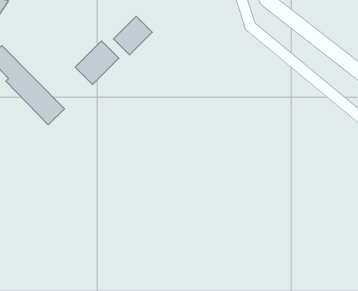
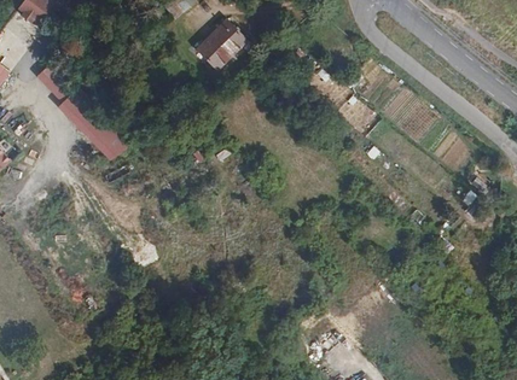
building: [75,41,119,85] -> none

